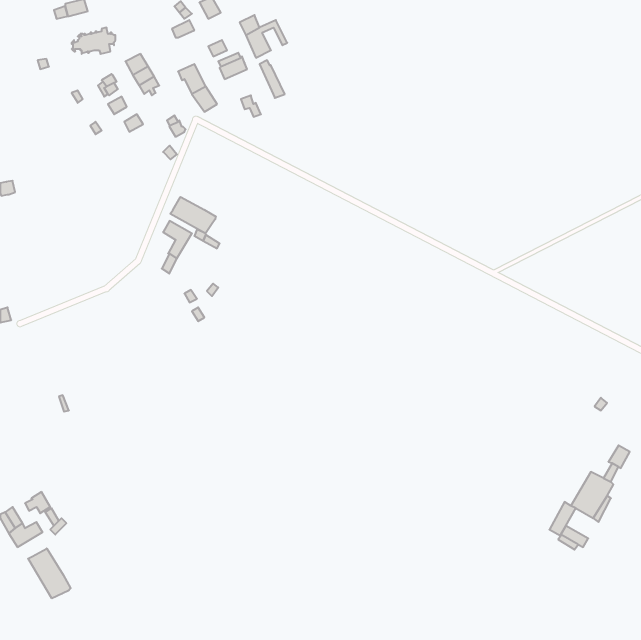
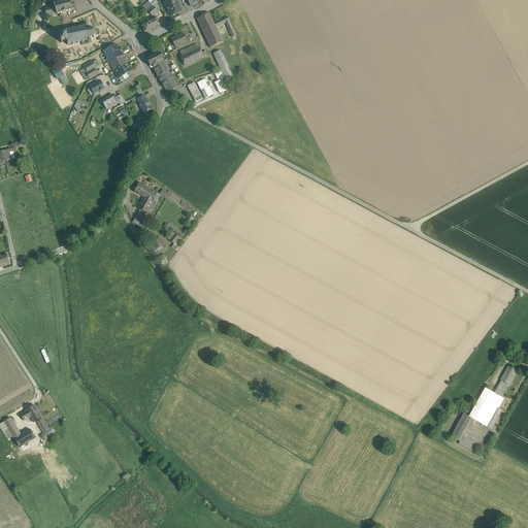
building: [170,197,216,233] -> none
building: [28,548,71,598] -> none

